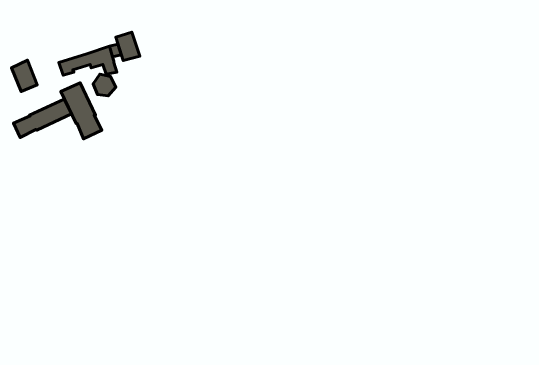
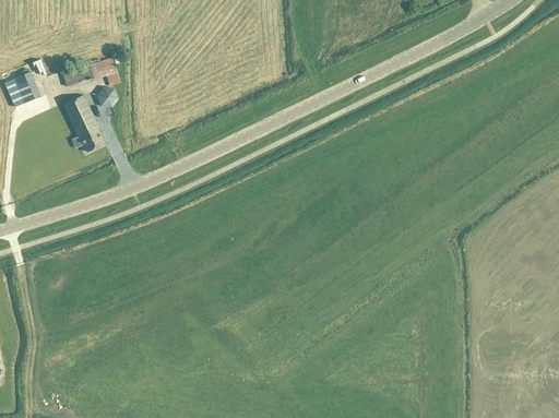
building: [116,32,140,61] -> none
building: [14,99,71,137] -> none

